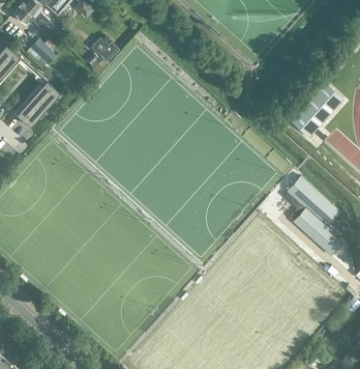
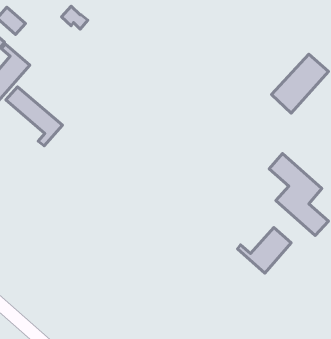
building: none -> [6,87,62,146]
building: none -> [238,228,291,273]

